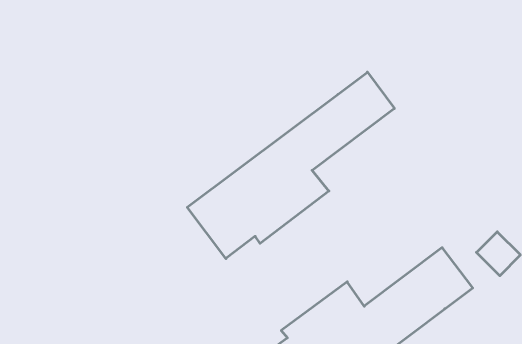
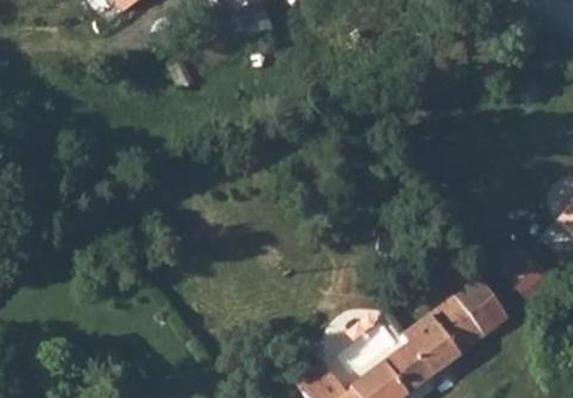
building: [187,72,394,259] -> none

